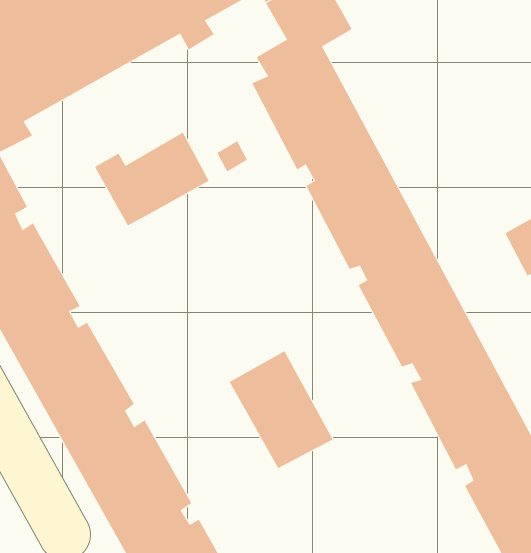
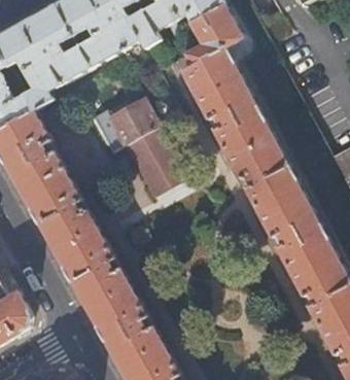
building: [229,350,334,469] -> [124,126,185,196]

